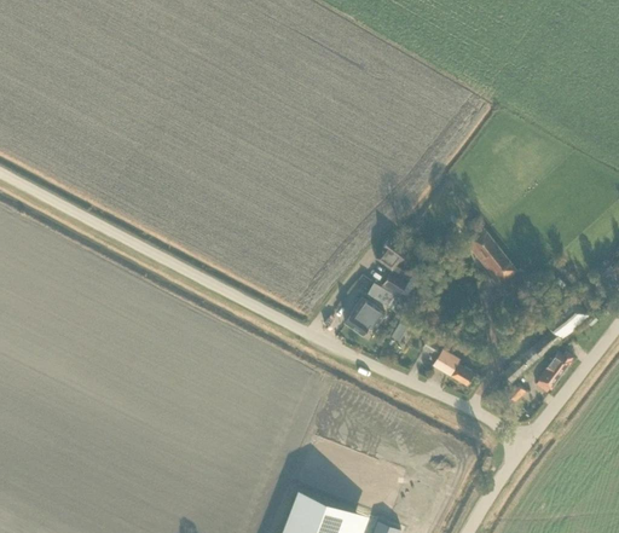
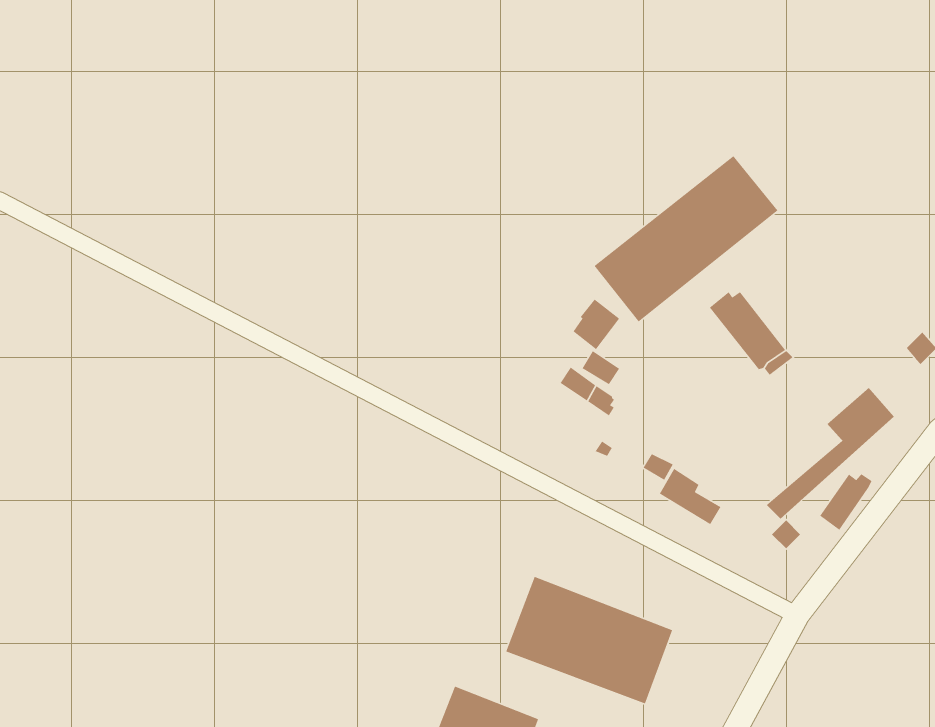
building: none -> [594,155,778,323]
building: [346,300,384,337] -> none
building: none -> [505,576,673,705]

